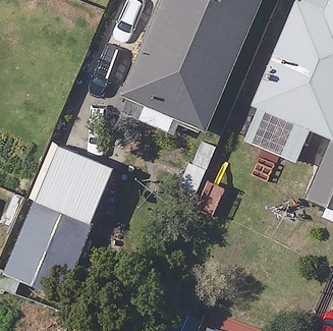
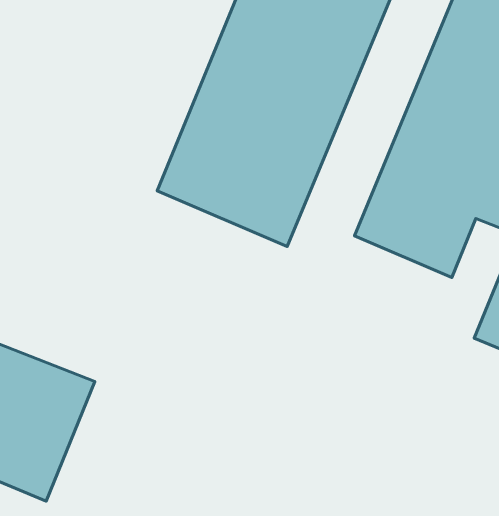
building: [36,145,113,222] -> none

